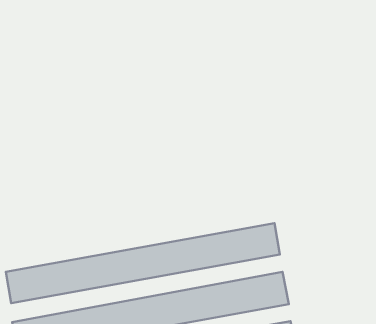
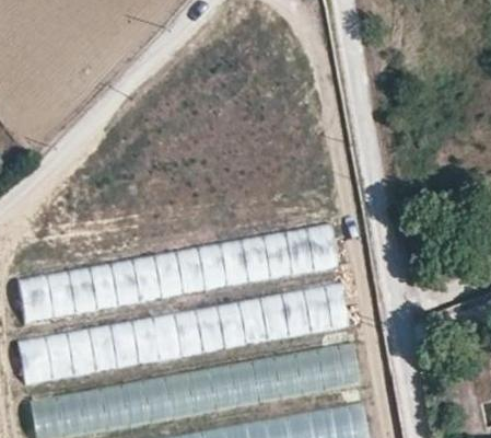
building: none -> [19,223,340,324]

